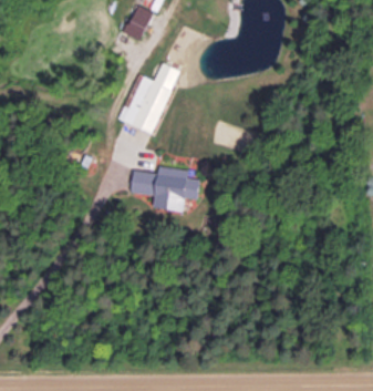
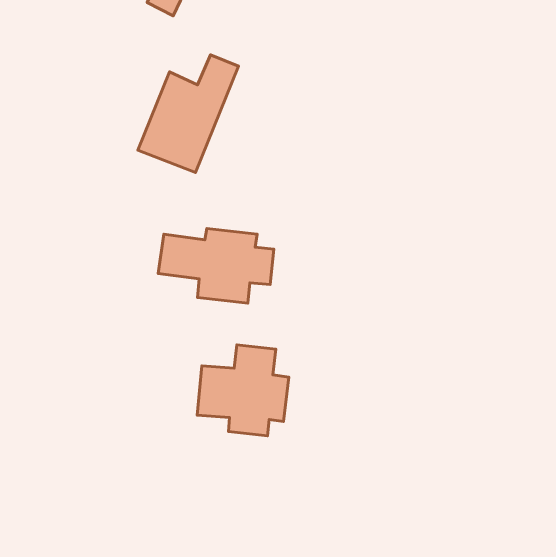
building: none -> [197,345,289,436]

